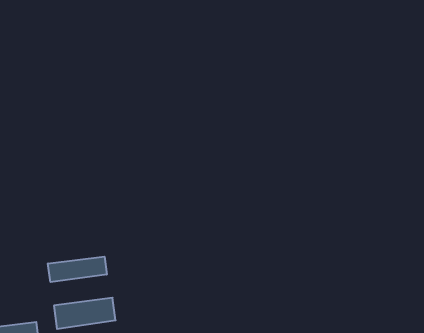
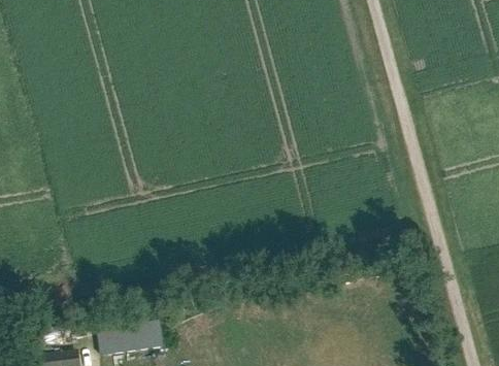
building: [48,257,107,282] -> none

